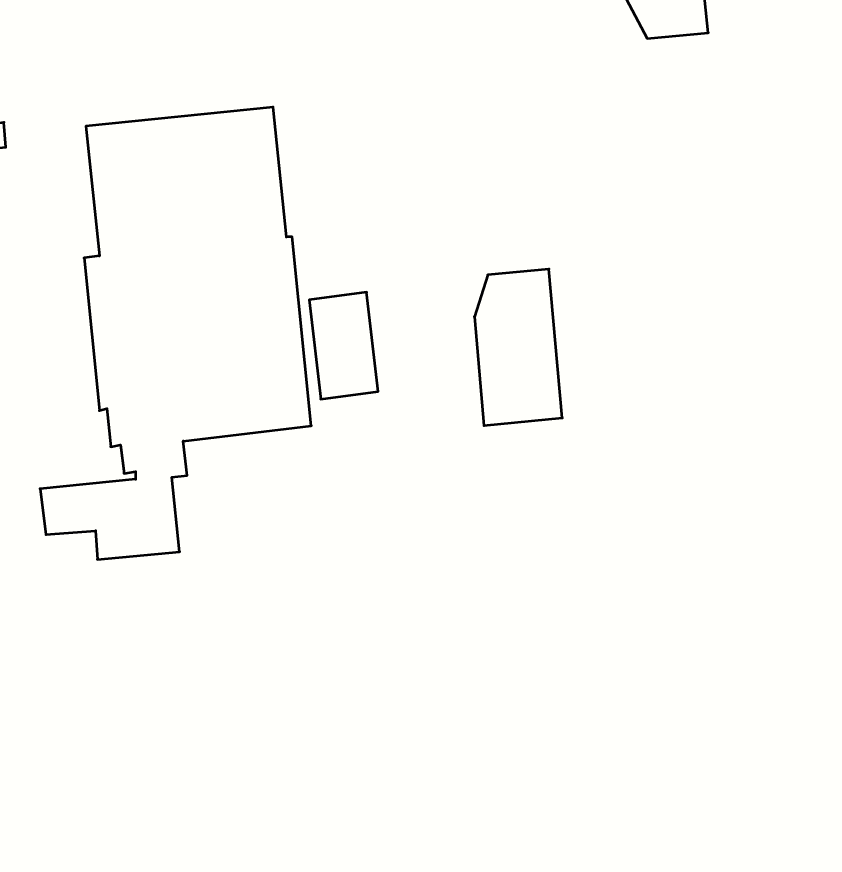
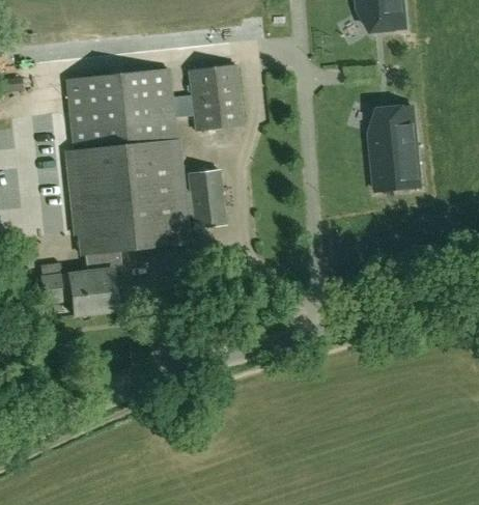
building: none -> [187,63,245,131]
building: [474,269,562,426] -> [371,106,419,191]

